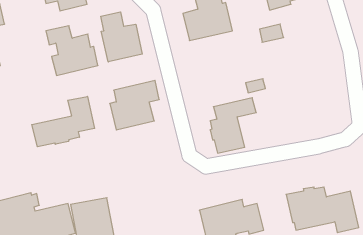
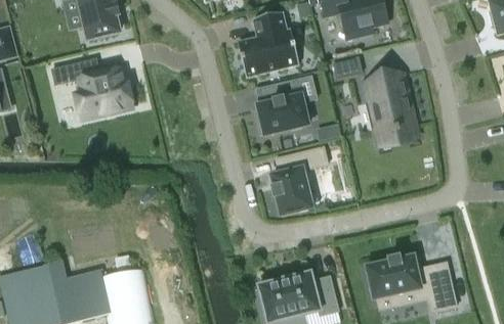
building: [101,12,142,62] -> none
building: none -> [362,73,418,146]
building: [110,80,159,130] -> [256,75,318,136]
building: [32,96,95,147] -> none

